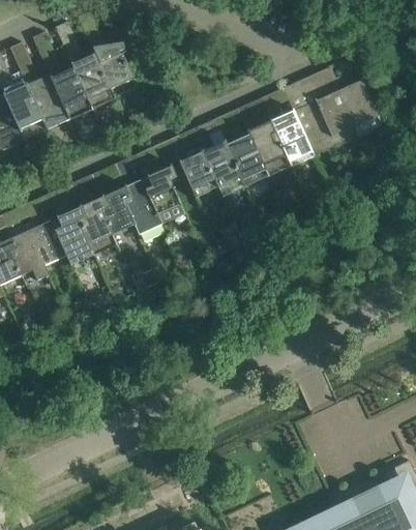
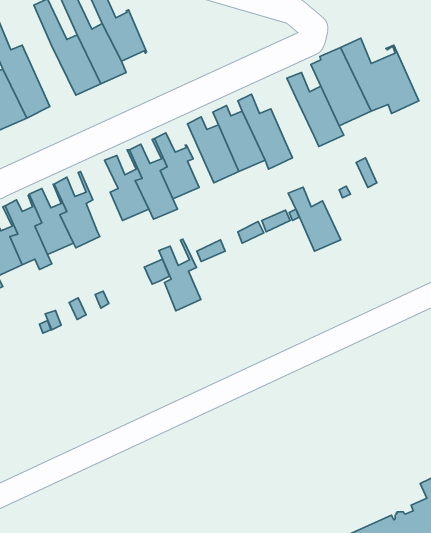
building: [9,42,70,130] -> none
building: [239,110,287,168] -> [288,187,341,251]
building: [75,179,113,244] -> [159,239,201,311]

